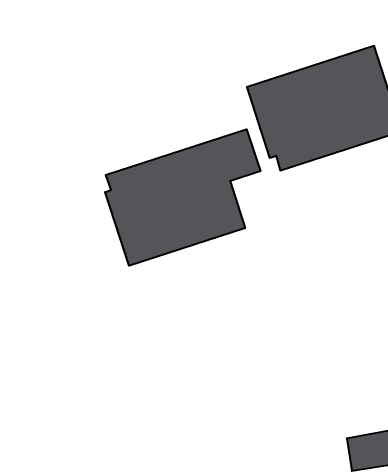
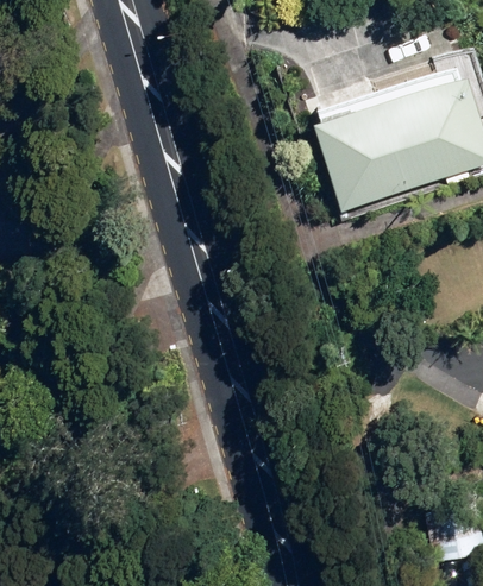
building: [105,129,260,266] -> none

